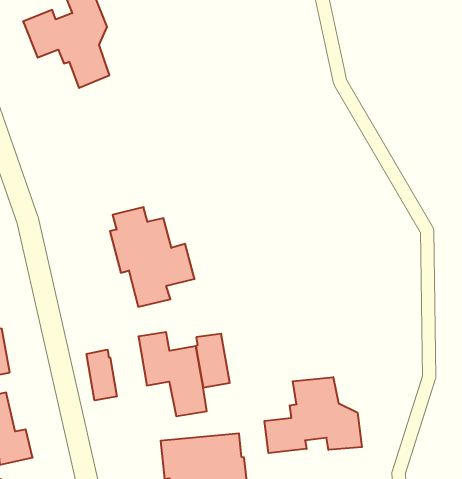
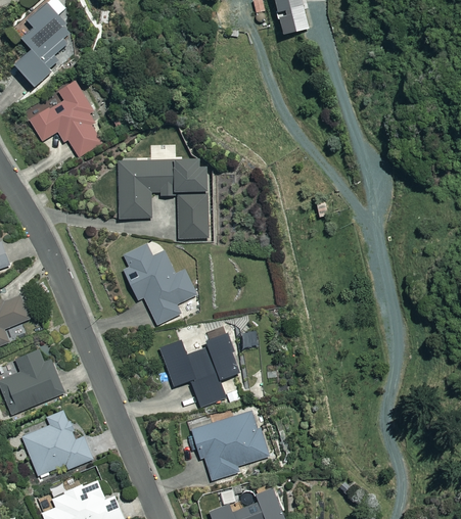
building: none -> [119,160,206,240]
building: [87,350,117,400] -> none
building: [264,377,362,453] -> none

